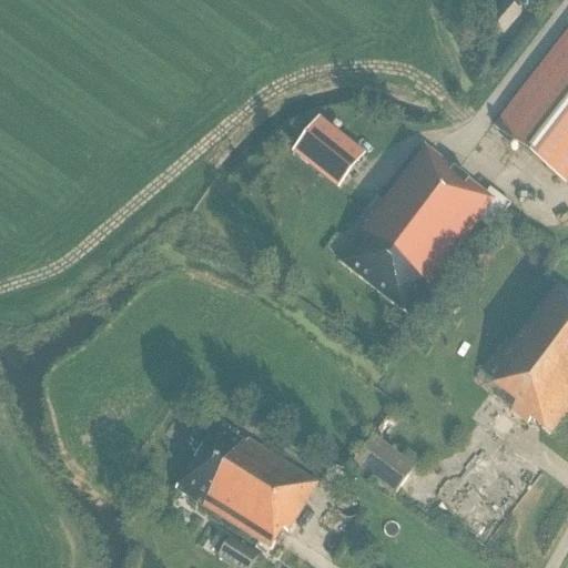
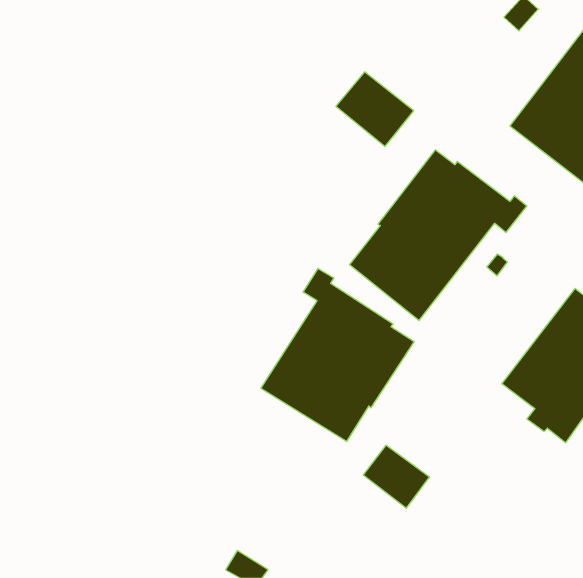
building: [293,113,368,185] -> [336,72,414,146]
building: none -> [261,268,414,442]
building: [178,417,320,545] -> none

